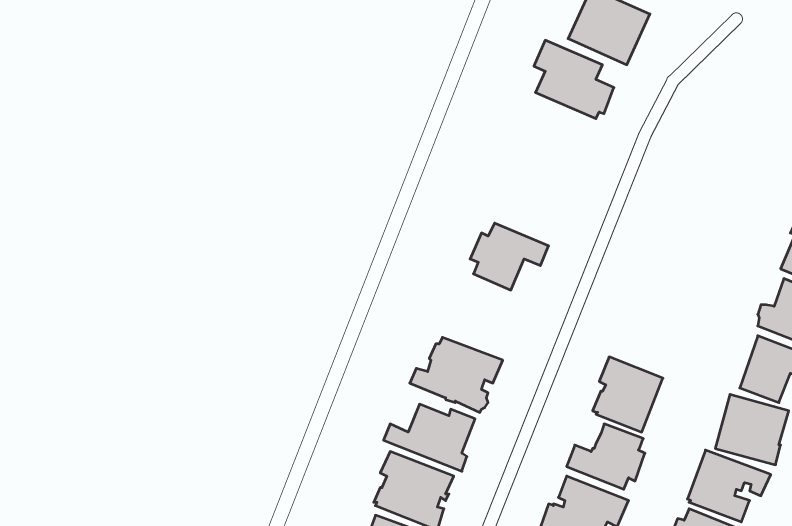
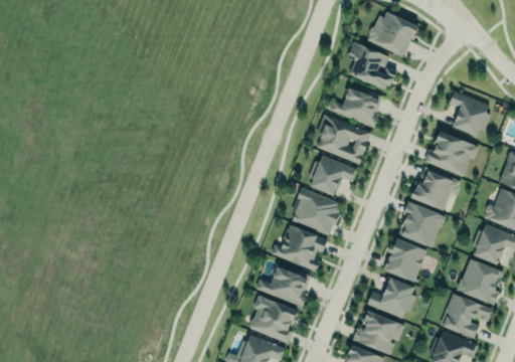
building: none -> [330,87,384,126]
building: none -> [450,90,491,136]
building: none -> [315,116,372,164]
building: none -> [426,131,477,177]
building: none -> [412,167,462,210]
building: none -> [290,188,342,235]
building: none -> [399,201,447,248]

